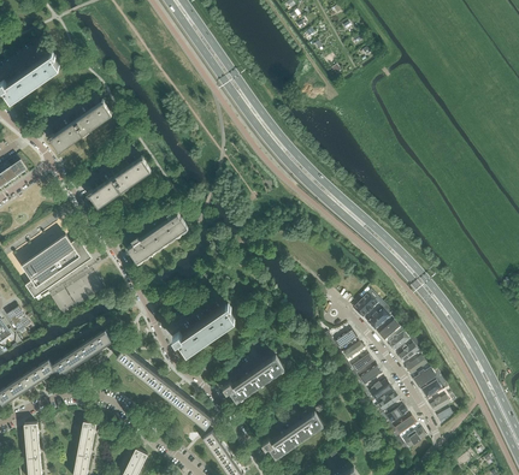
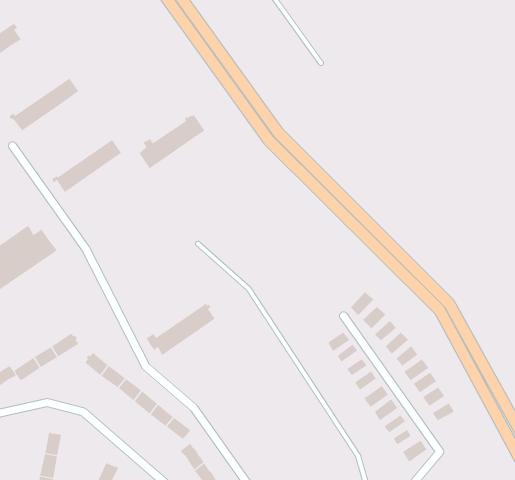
building: [126,214,187,263] -> [138,114,205,169]
building: [222,357,283,402] -> none
building: [260,412,322,457] -> none

